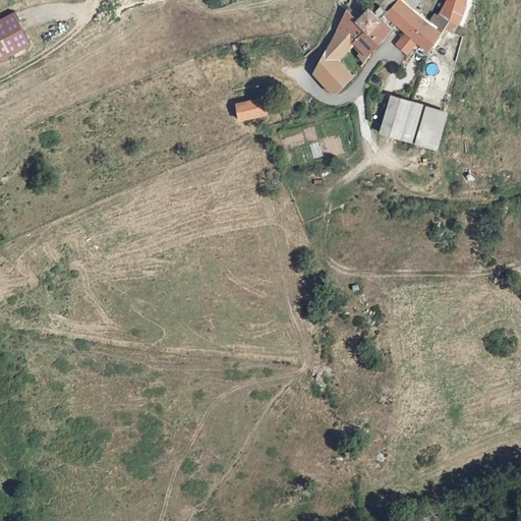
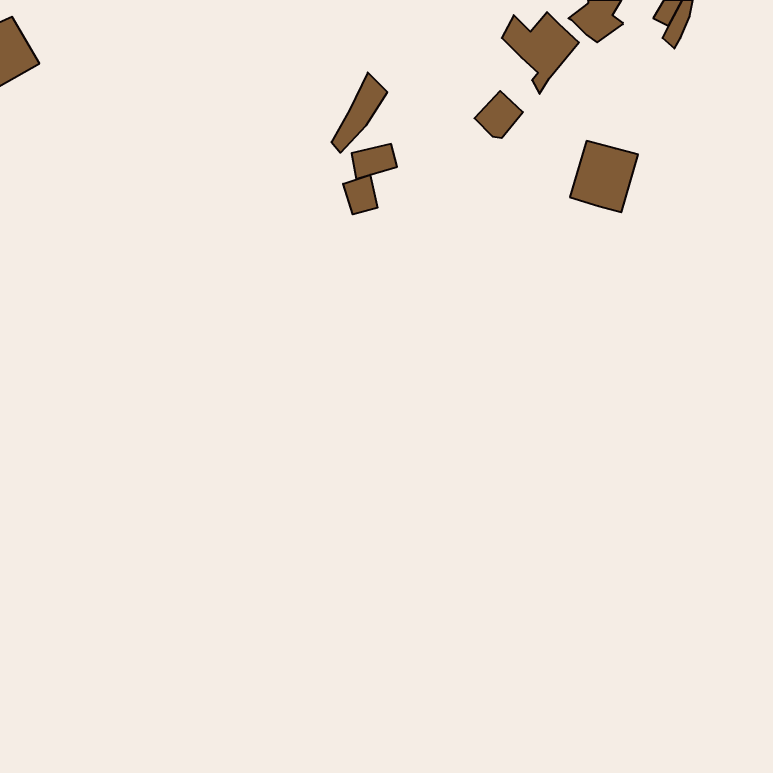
building: [396,16,441,54] -> none
building: [312,26,350,80] -> [331,72,387,153]
building: [417,105,446,149] -> none
building: none -> [343,175,378,214]

